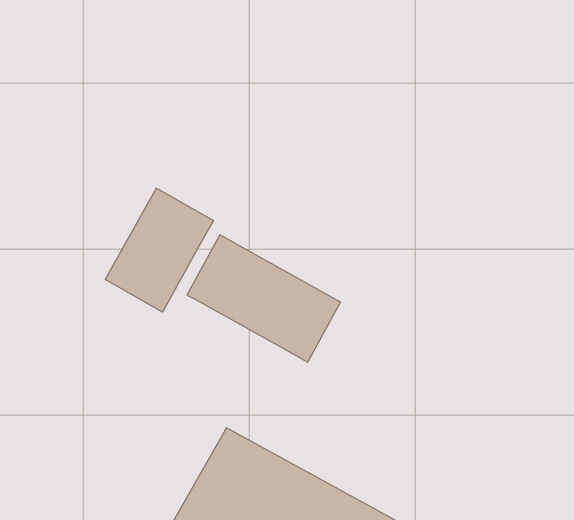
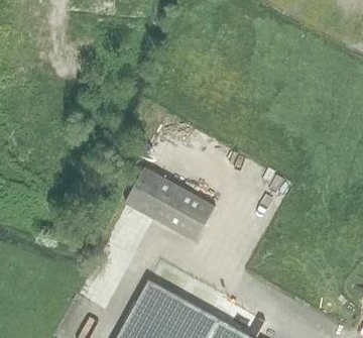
building: [105,188,214,312] -> none

